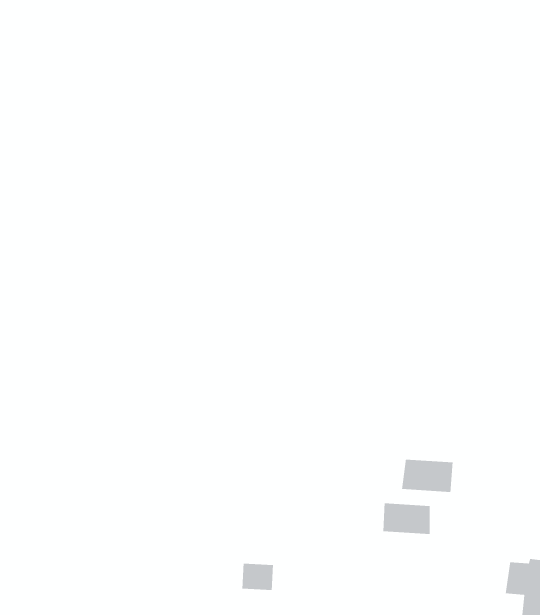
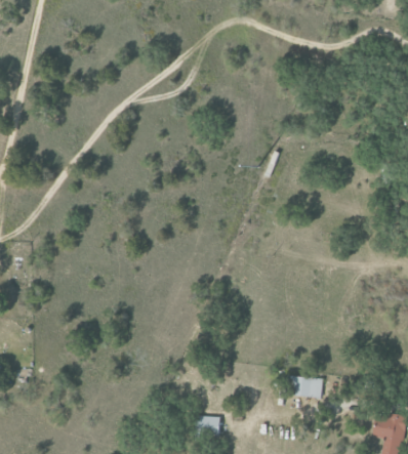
building: [401,459,454,493] -> none

